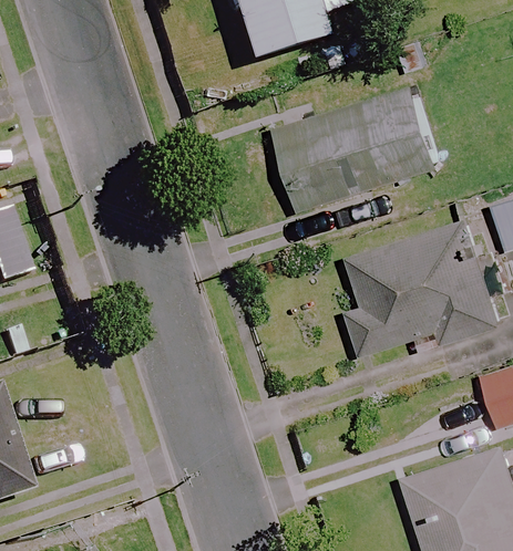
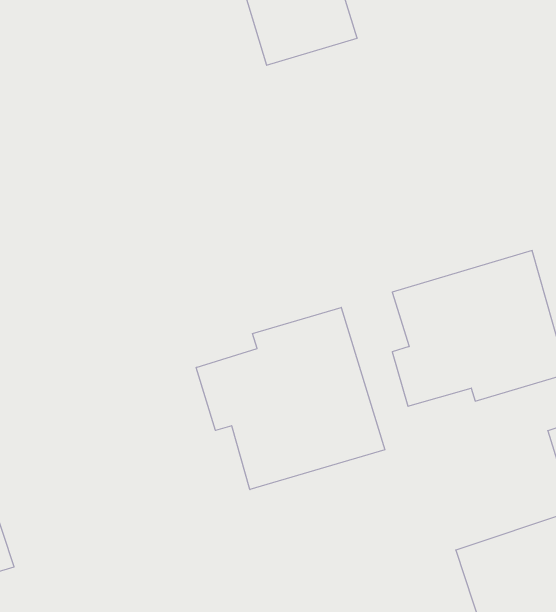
building: [270,85,432,210] -> none
building: none -> [196,307,385,490]

